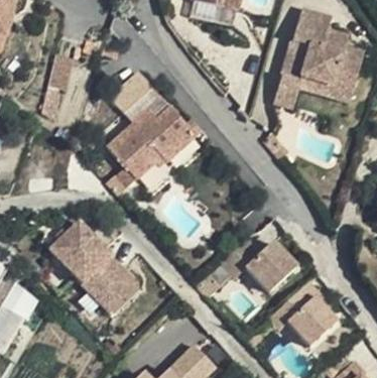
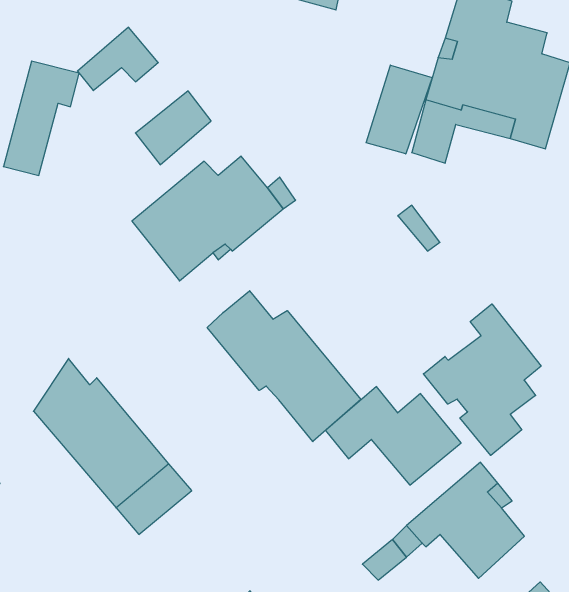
building: none -> [366,65,432,154]
building: [129,86,175,122] -> [77,27,158,91]
building: none -> [207,291,361,442]
building: none -> [423,304,541,455]

